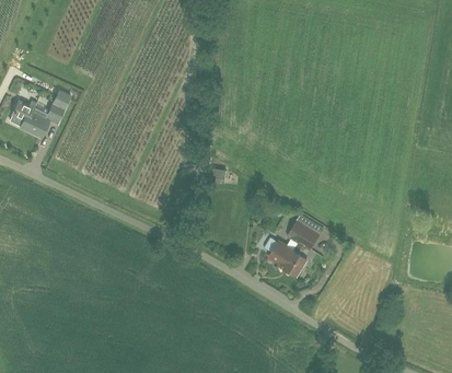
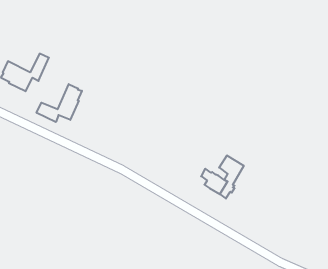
building: none -> [37,84,82,122]

